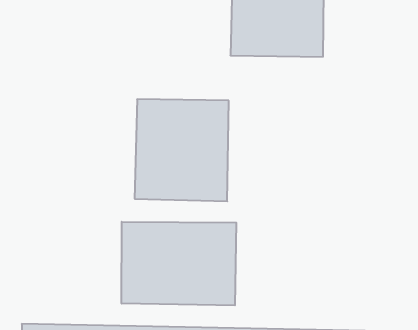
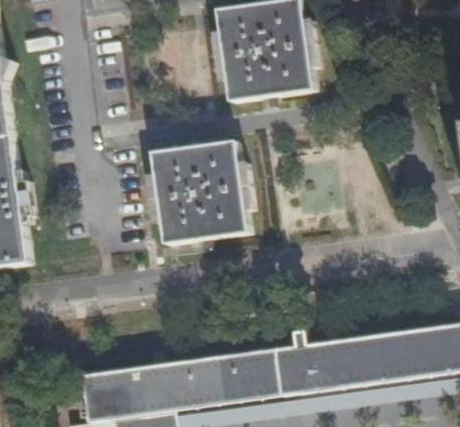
building: [122,222,236,305] -> none

